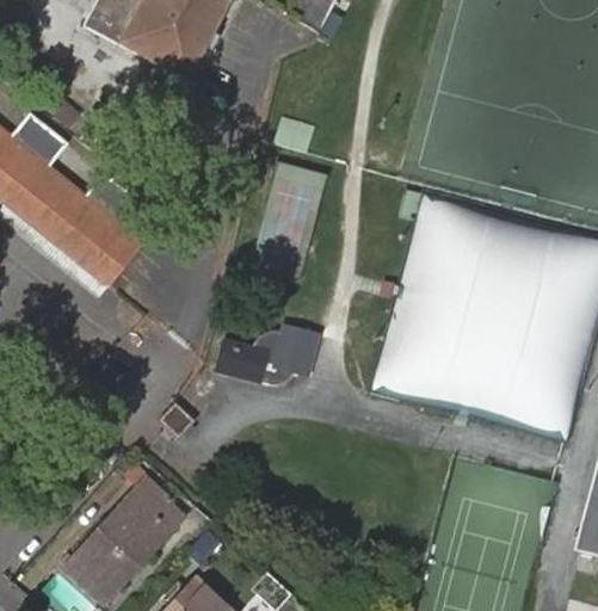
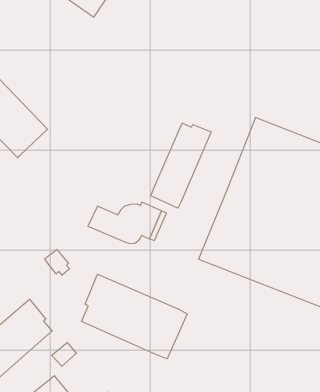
building: none -> [151,123,211,208]
building: none -> [82,274,187,359]

